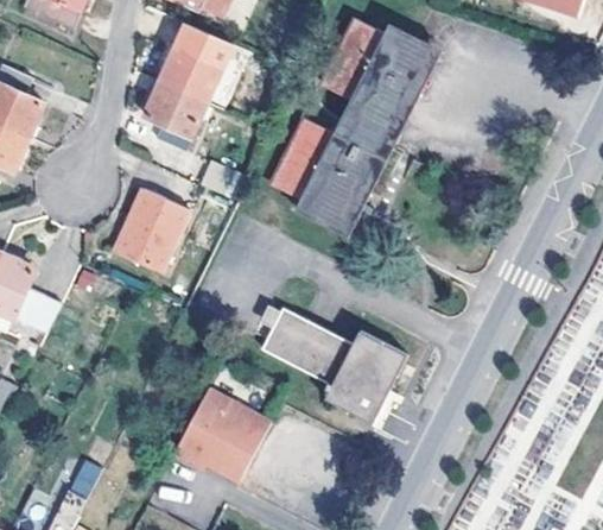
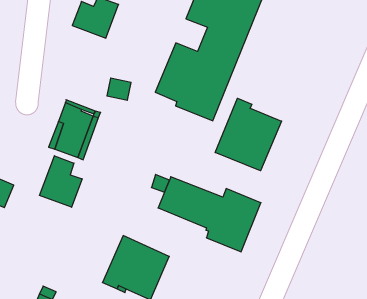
building: [145,82,205,150] -> none
building: none -> [215,98,282,171]
building: none -> [40,156,82,207]

